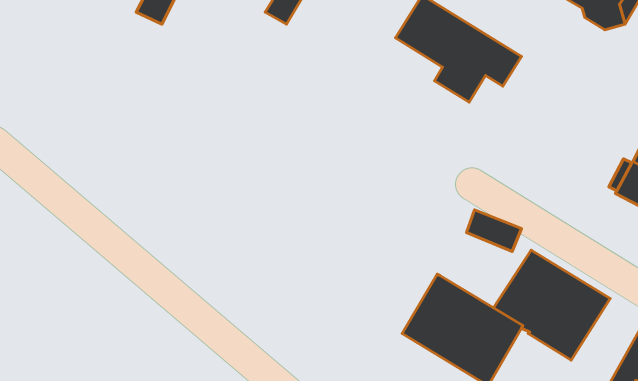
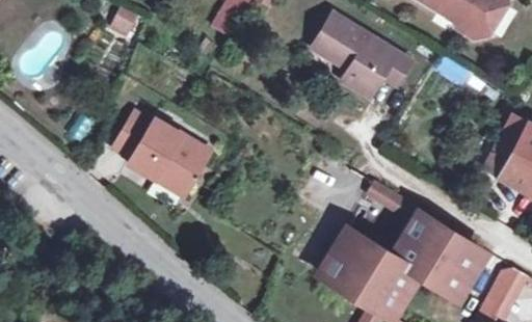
building: none -> [114,111,210,194]

